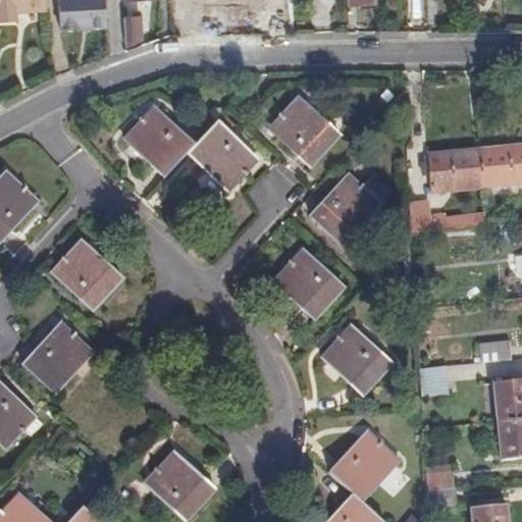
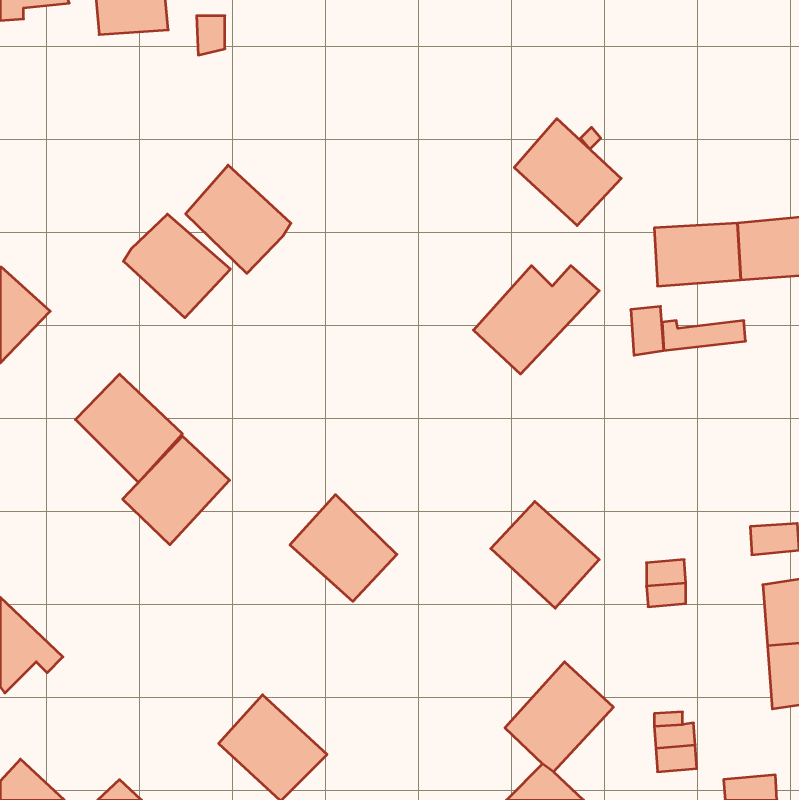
building: [266,95,335,164] -> [514,119,621,226]
building: [187,122,256,190] -> [123,214,230,318]
building: [272,249,342,318] -> [290,495,397,601]
building: [23,324,93,395] -> [123,436,230,545]

